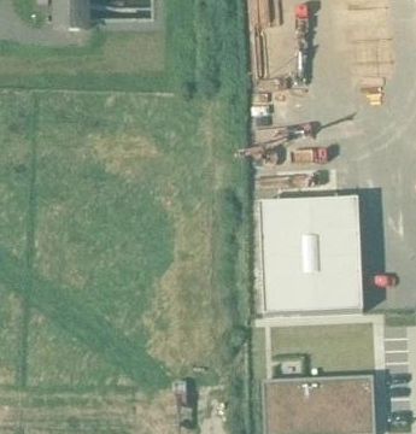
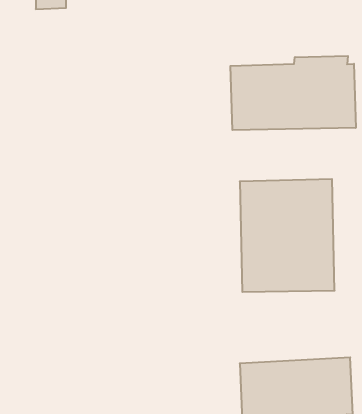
building: none -> [230,56,356,130]

